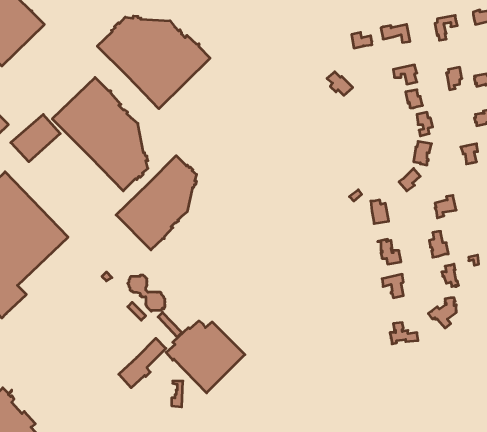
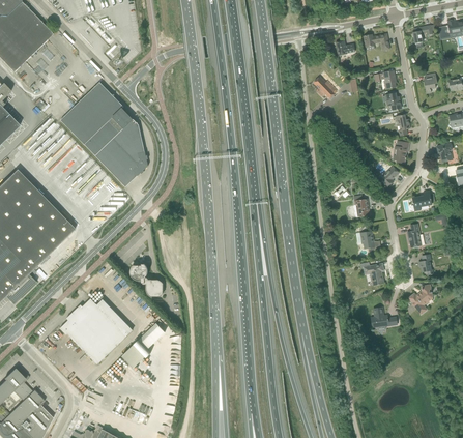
building: [97,16,210,109] -> none
building: [116,156,197,250] -> none
building: [166,321,245,393] -> [60,298,133,364]

